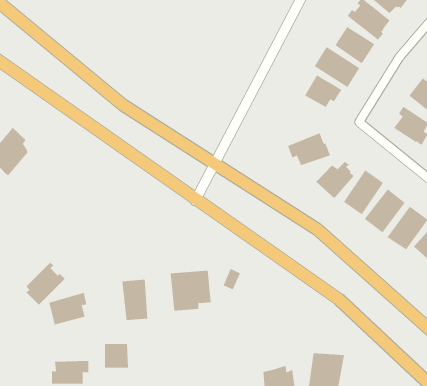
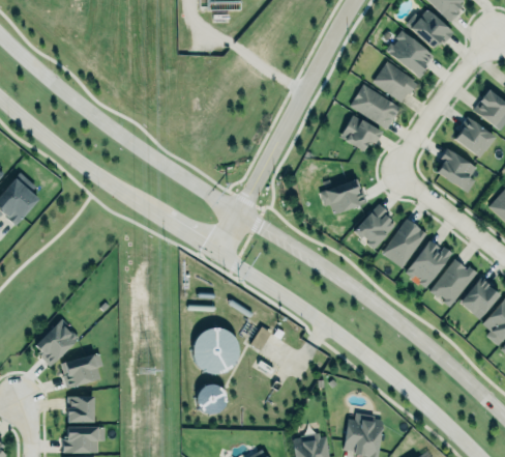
building: [122,279,148,321] -> none
building: none -> [192,380,229,418]
building: [104,343,129,368] -> [67,395,94,422]

